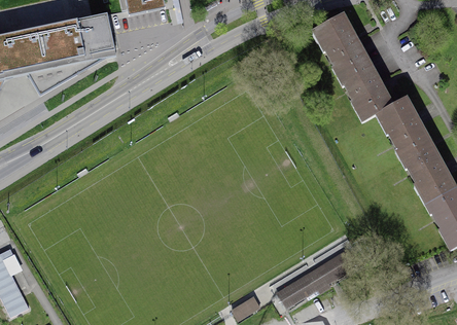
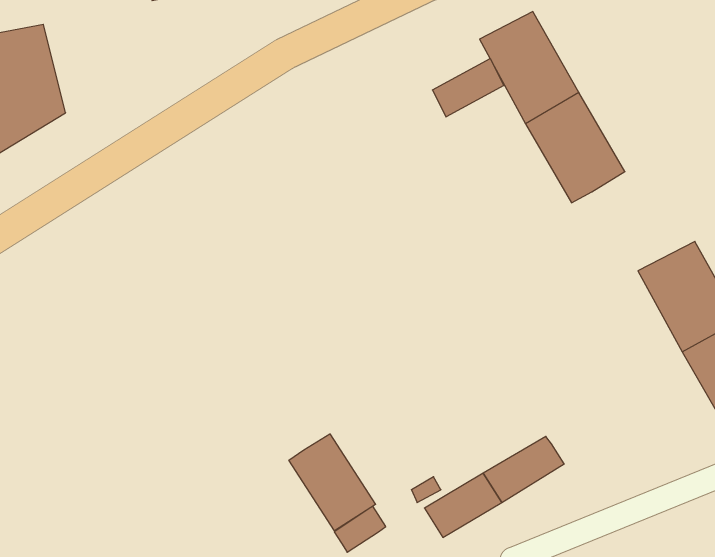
building: [67,10,116,69] -> none
building: none -> [432,59,504,117]
building: [374,95,431,157] -> none
building: none -> [289,434,376,531]

